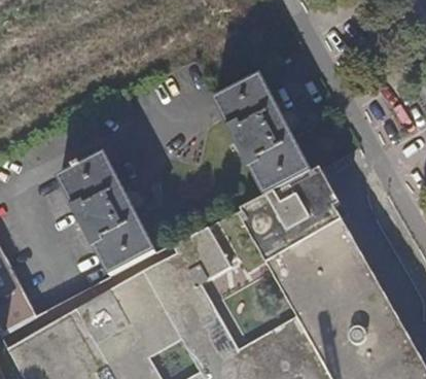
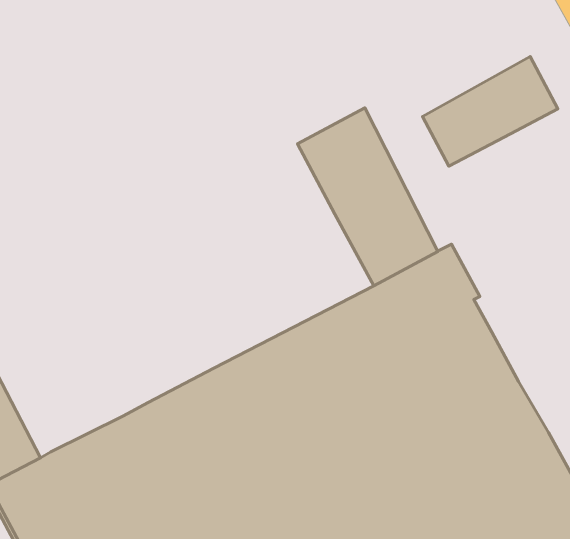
building: none -> [423,57,558,166]
building: [62,160,159,282] -> none

